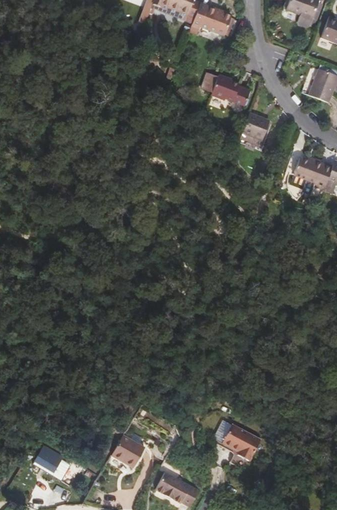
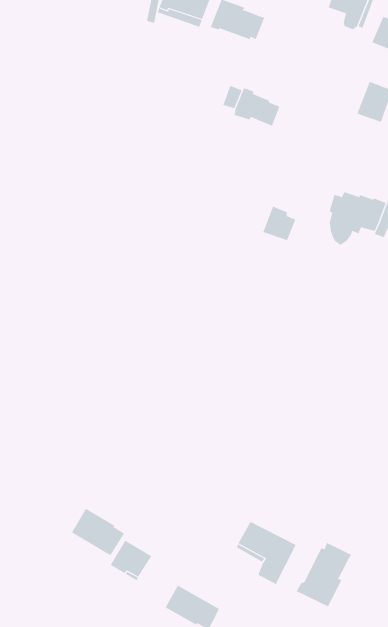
building: [242,111,269,139] -> [262,206,296,241]
building: none -> [71,508,125,556]
building: none -> [296,542,352,607]
building: [36,444,63,470] -> none

